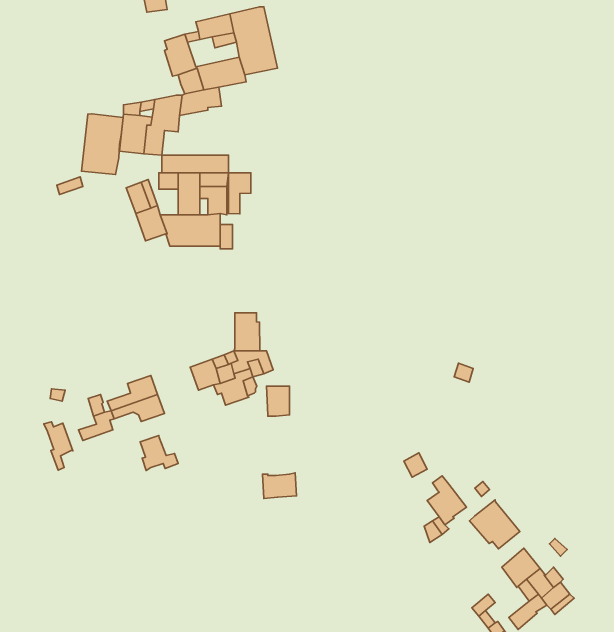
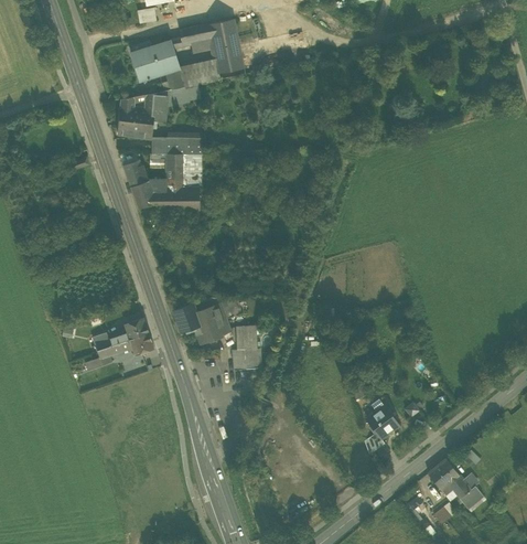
building: none -> [130,46,160,83]
building: [82,114,123,174] -> none
building: [228,173,251,214] -> none
building: [234,313,260,351] -> none
building: [44,422,73,470] -> none
building: [140,435,178,471] -> none
building: [262,473,296,499] -> [233,349,260,370]
building: [470,500,520,549] -> none

